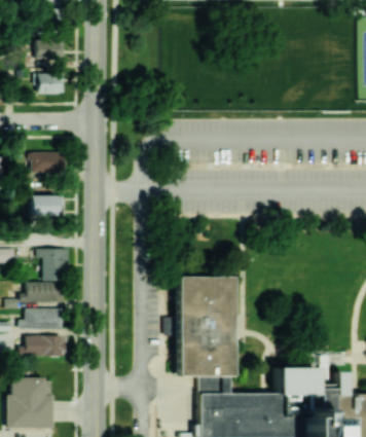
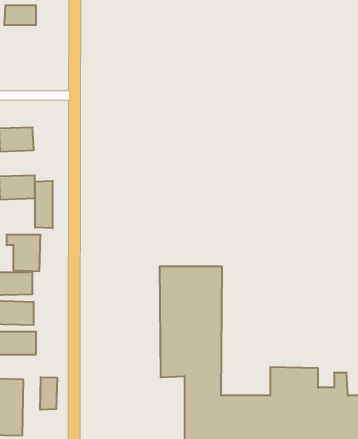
building: [38,74,67,94] -> none
building: none -> [35,181,53,228]
building: none -> [40,377,57,410]

